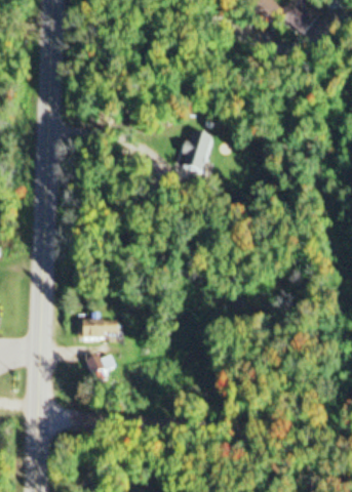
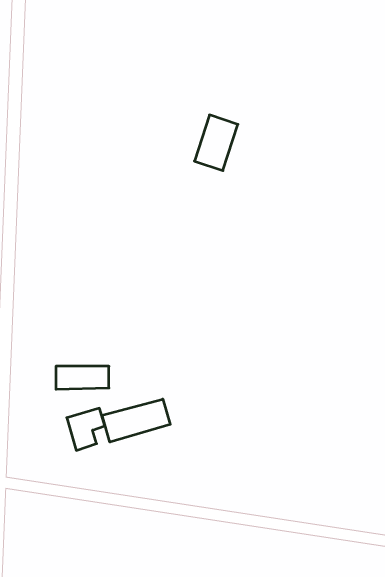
building: none -> [102,399,170,442]

